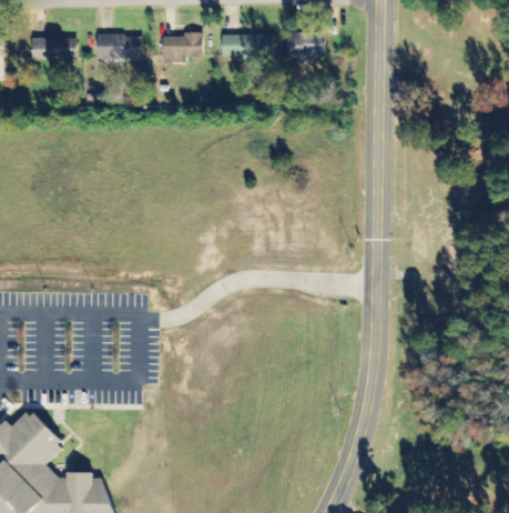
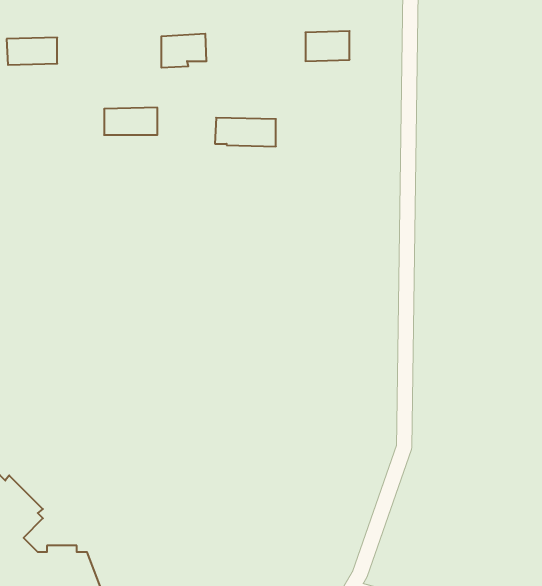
building: [221,34,273,59] -> [215,118,276,146]
building: [96,36,142,59] -> [104,108,157,135]

